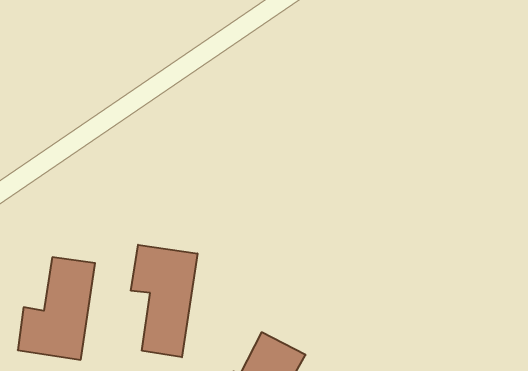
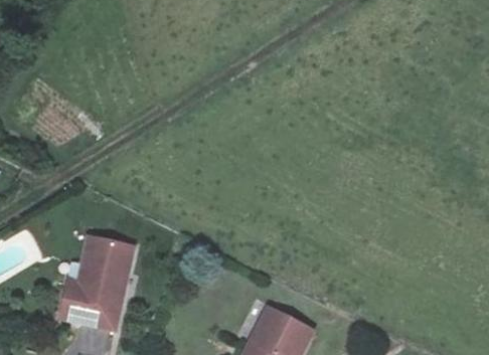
building: [131,245,197,357] -> none

